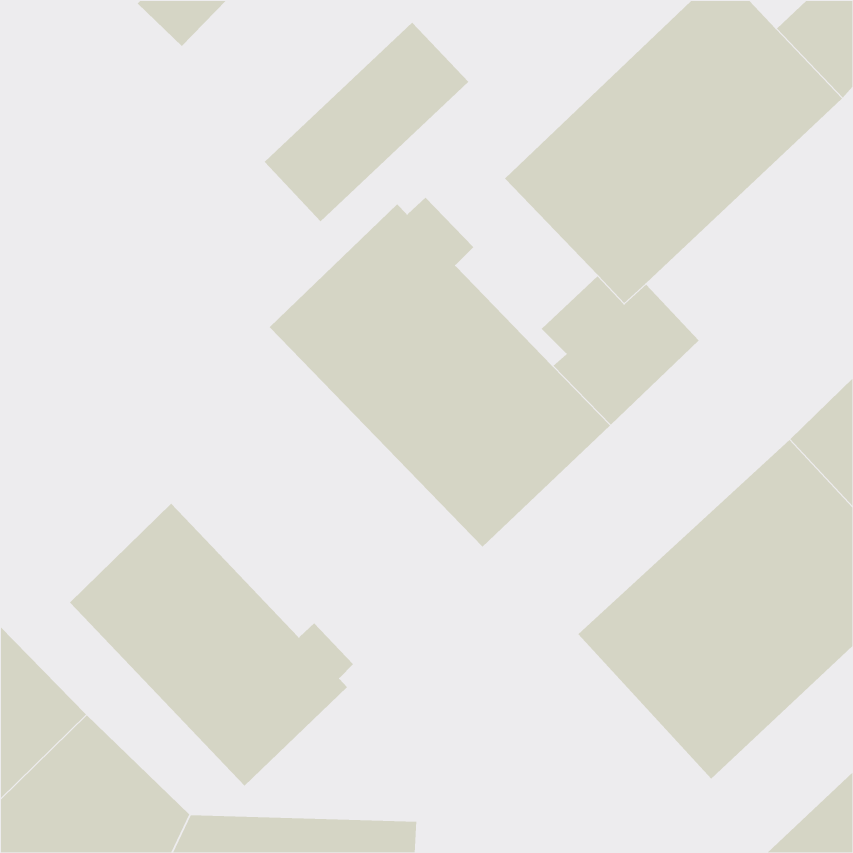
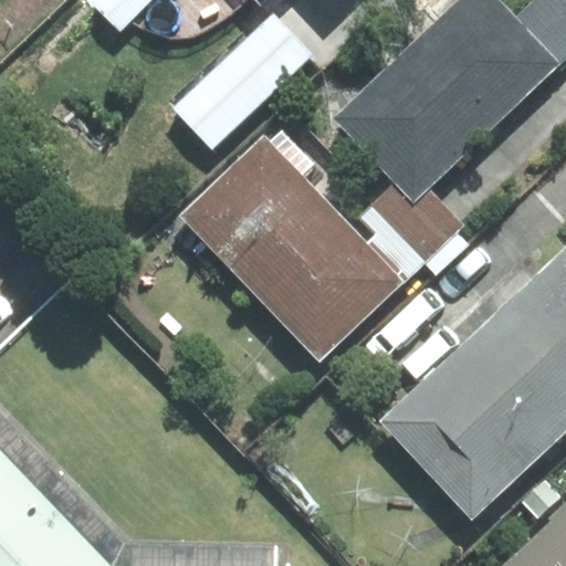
building: [69,503,354,787] -> none

